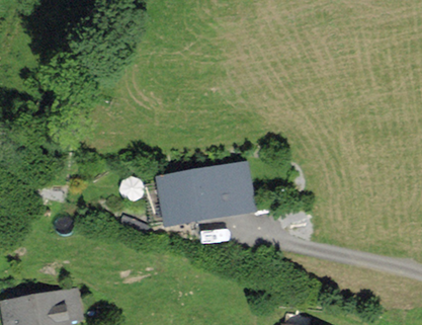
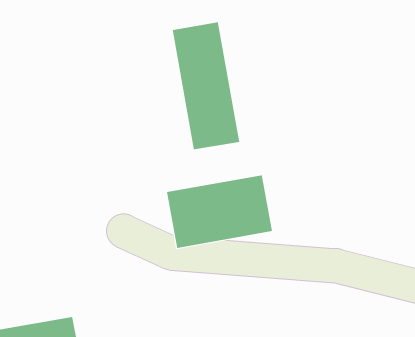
building: none -> [172,22,240,150]

